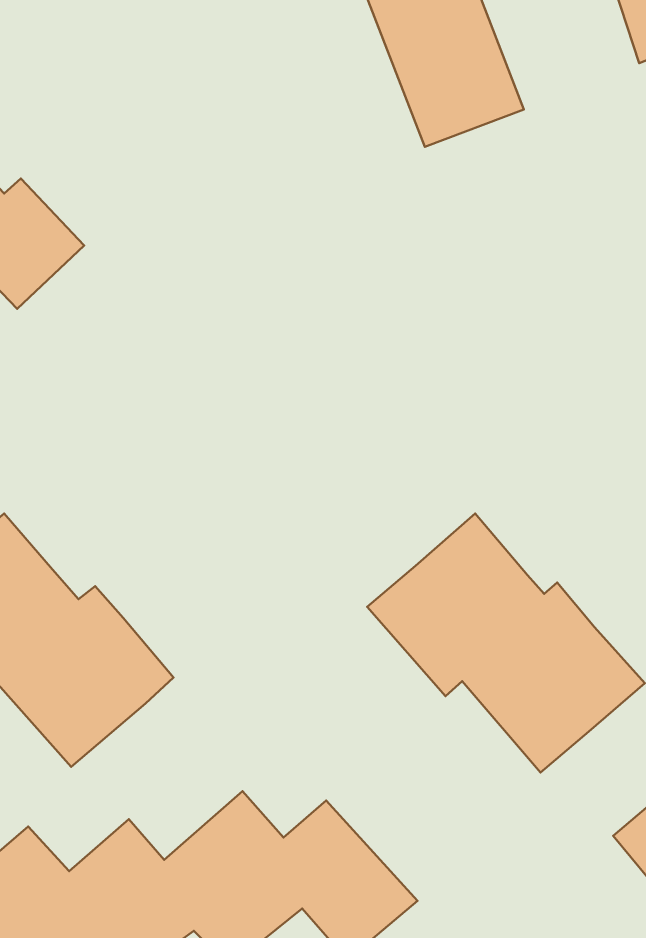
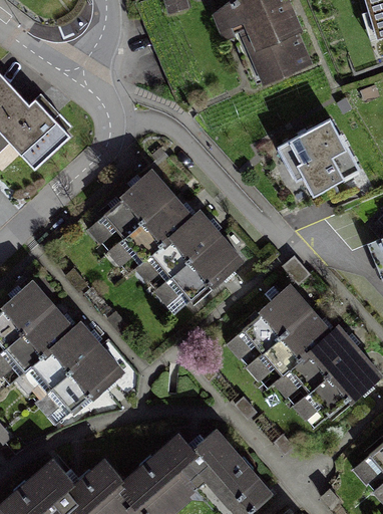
building: none -> [277,114,359,193]
building: none -> [95,175,240,306]

